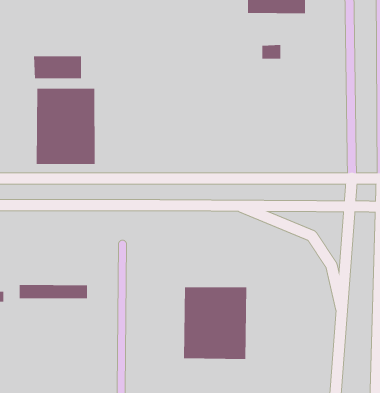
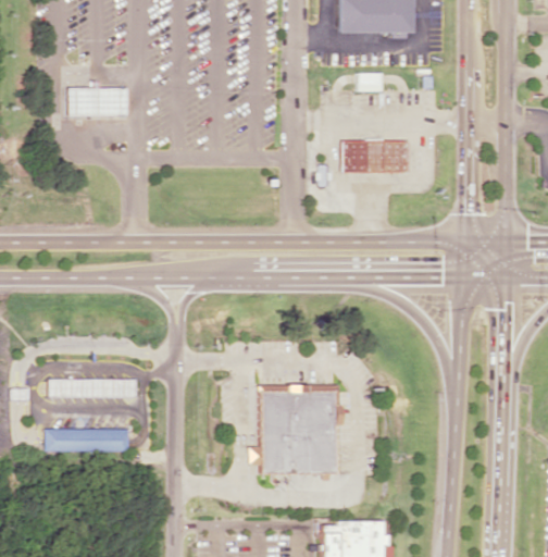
building: [36,88,95,165] -> none
building: none -> [342,139,412,173]
building: none -> [45,428,129,450]

